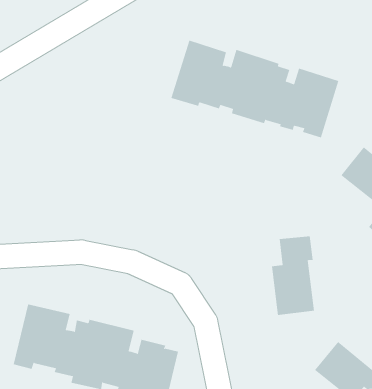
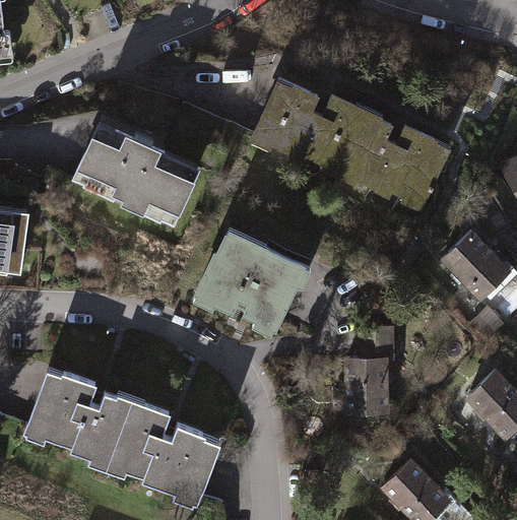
building: none -> [70,123,201,229]
building: none -> [192,229,314,341]

